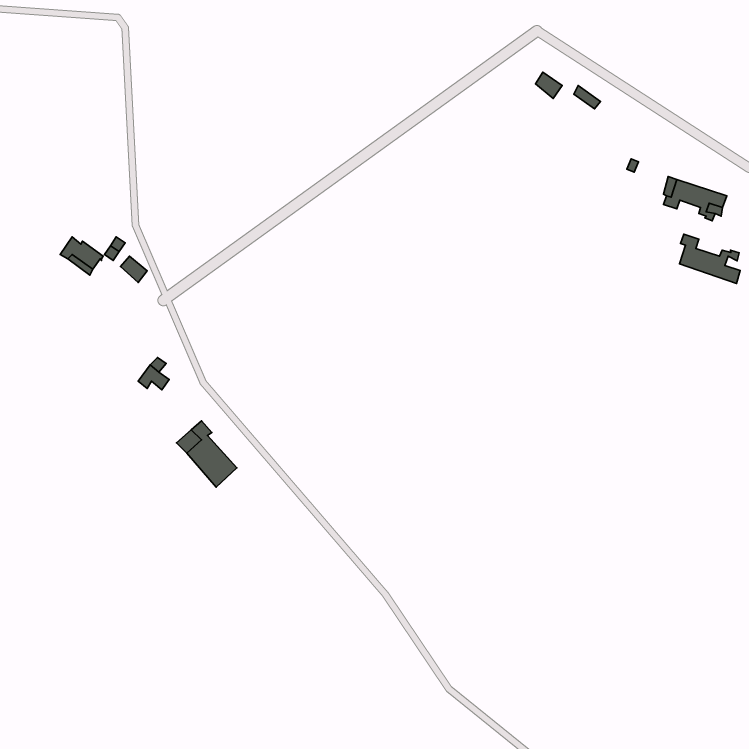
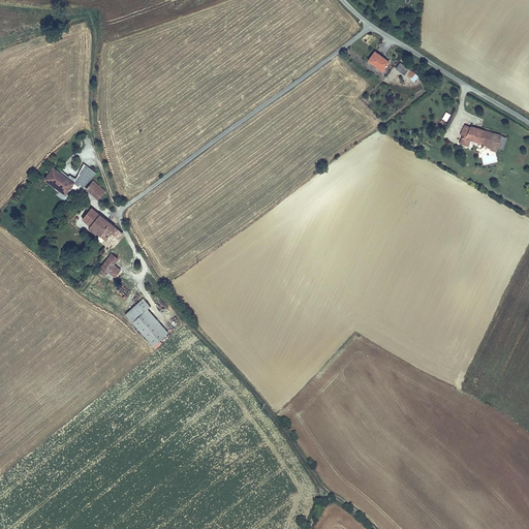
building: [679,234,740,283] -> none
building: none -> [81,208,121,244]

